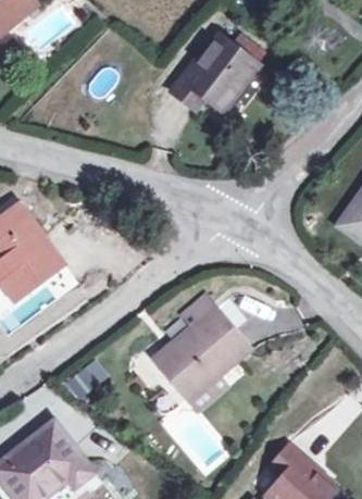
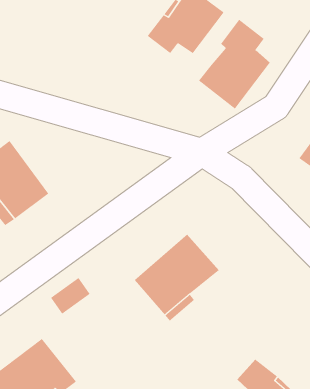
building: none -> [198,19,271,110]

